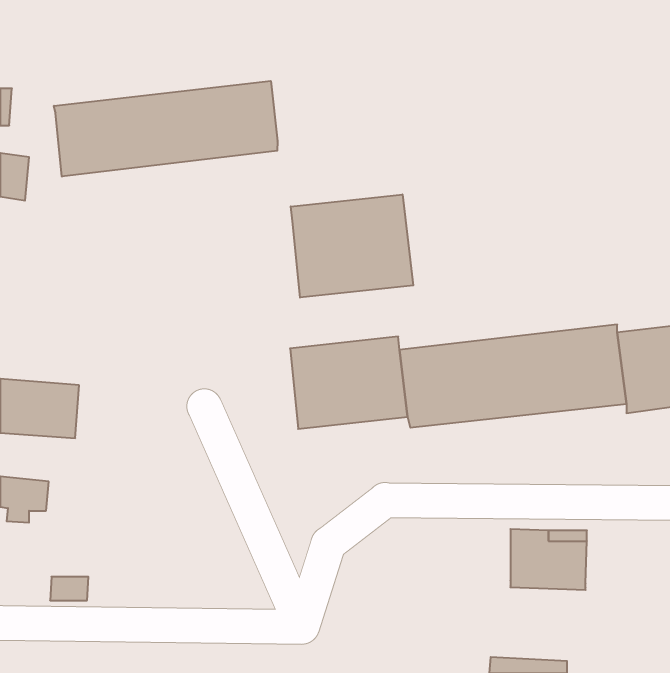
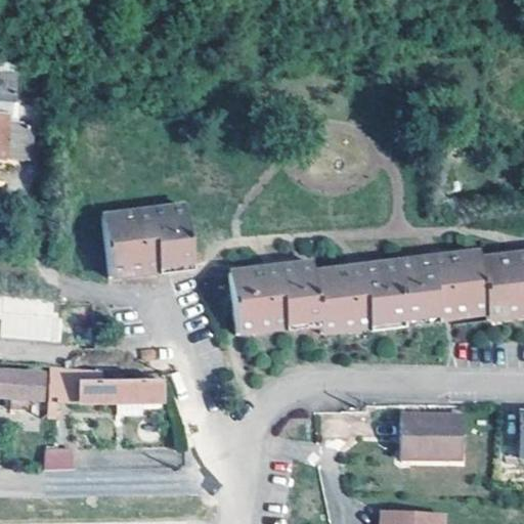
building: [54,81,277,177] -> none
building: [291,194,413,298] -> none
building: none -> [100,205,194,275]
building: none -> [52,366,161,400]

